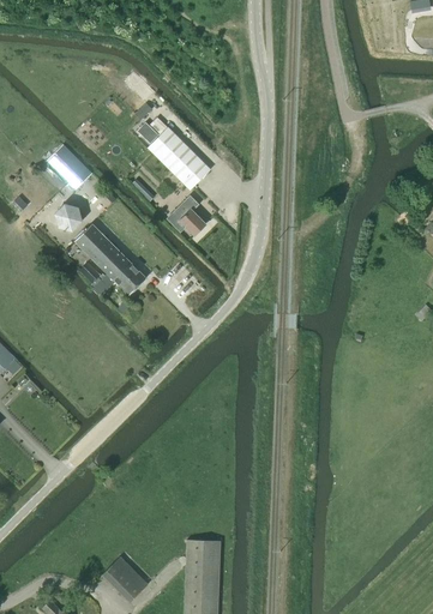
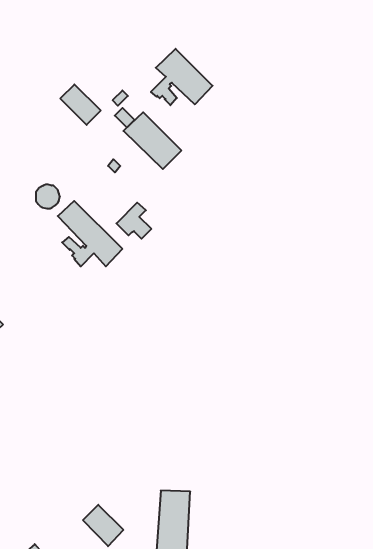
building: none -> [151,49,213,105]
building: [48,145,92,189] -> [60,84,101,125]
building: [167,195,205,235] -> [116,203,151,239]

